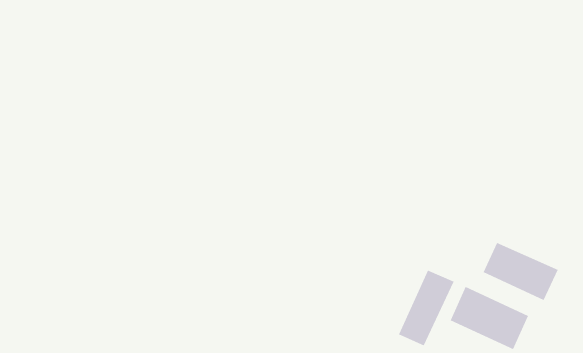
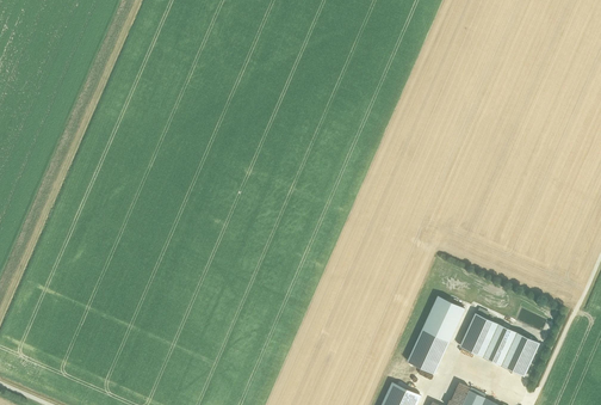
building: [483,242,559,301] -> none

